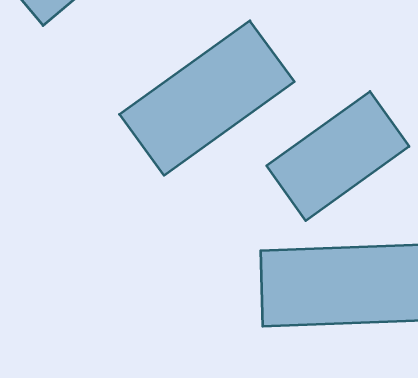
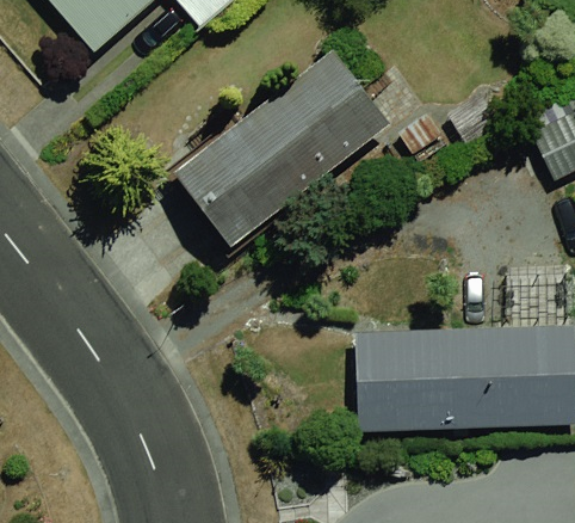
building: [267,91,409,221] -> none

